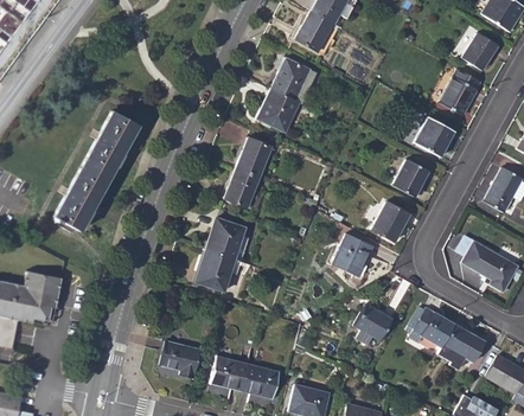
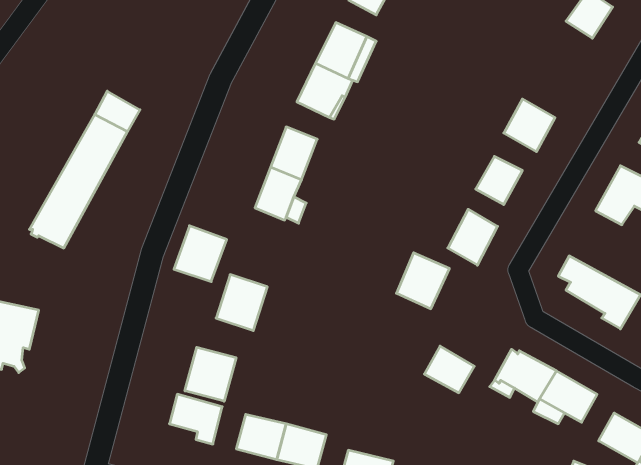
building: [440,69,483,115] -> none
building: [206,217,247,260] -> [174,226,227,282]
building: none -> [185,347,236,401]

